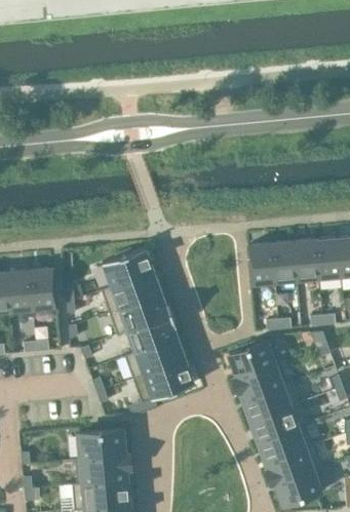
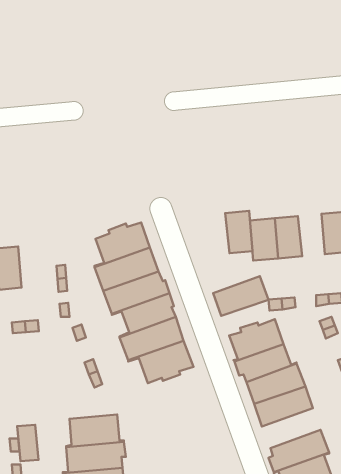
building: [293,240,318,280] -> [225,211,252,253]
building: [29,269,55,310] -> none
building: none -> [213,276,268,316]
building: [259,424,314,462] -> none
building: none -> [17,425,38,461]

